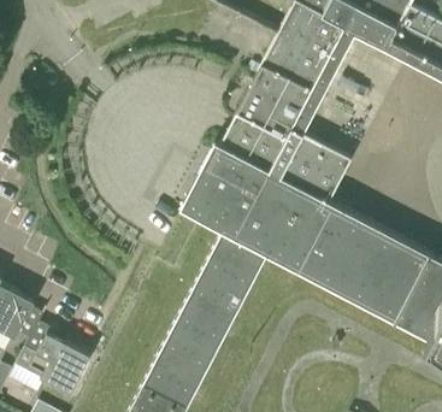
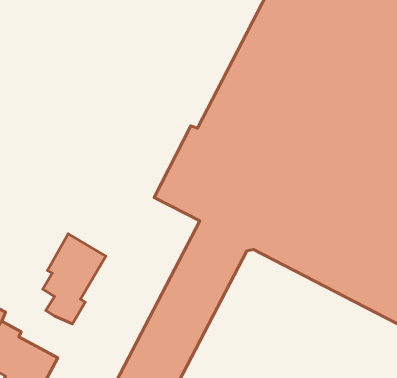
building: none -> [43,234,106,324]

